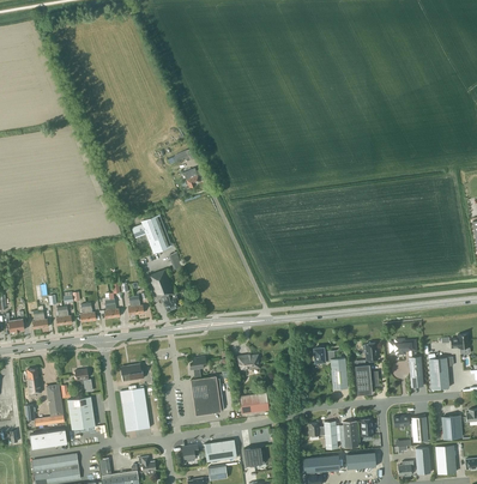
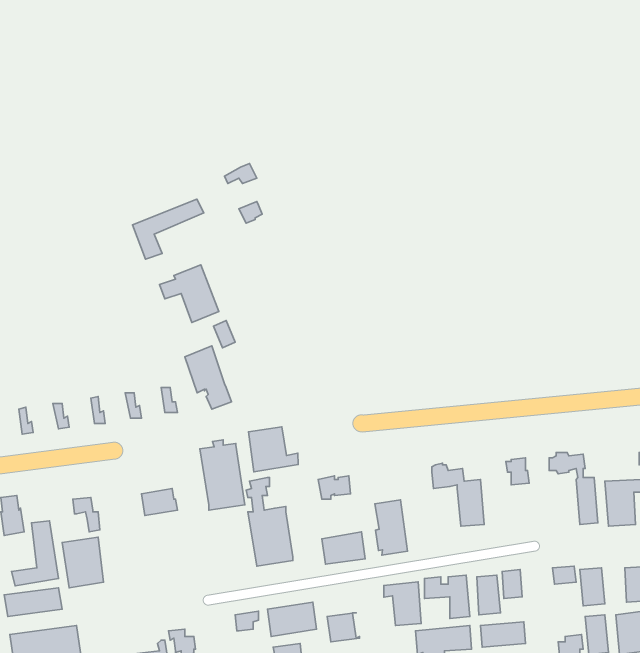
building: none -> [132,199,204,259]
building: none -> [249,427,298,472]
building: [355,364,378,394] -> none
building: none -> [375,500,407,555]
building: [120,385,150,431] -> [200,440,245,510]
building: none -> [384,582,421,626]

